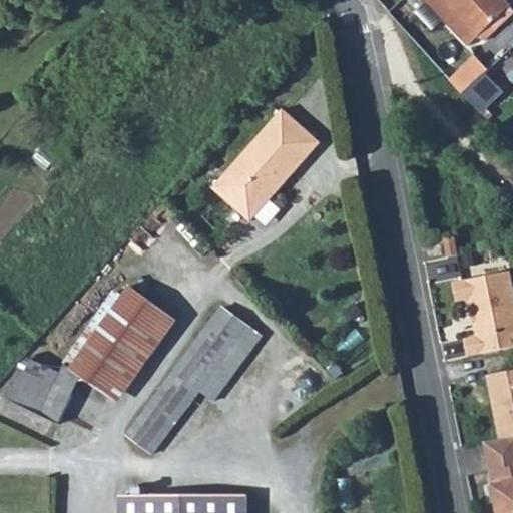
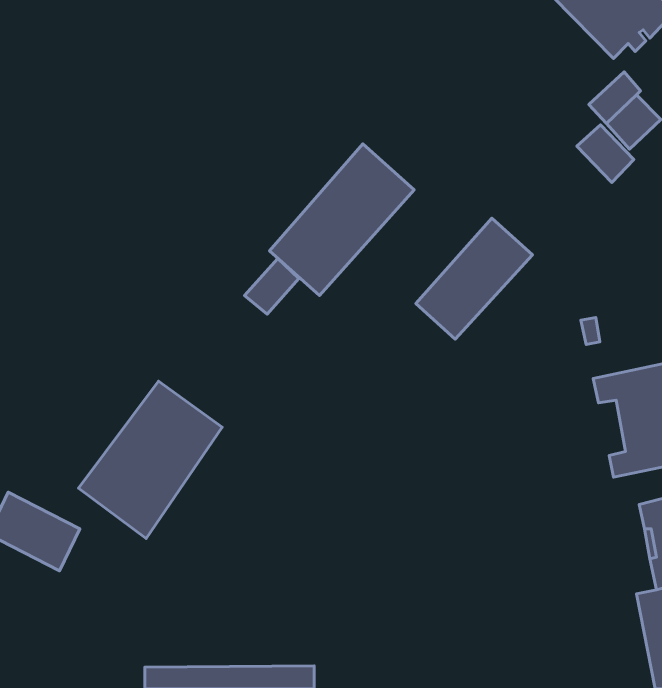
building: none -> [577,125,634,183]
building: none -> [416,218,533,339]
building: none -> [245,258,299,314]
building: [127,301,263,454] -> none

